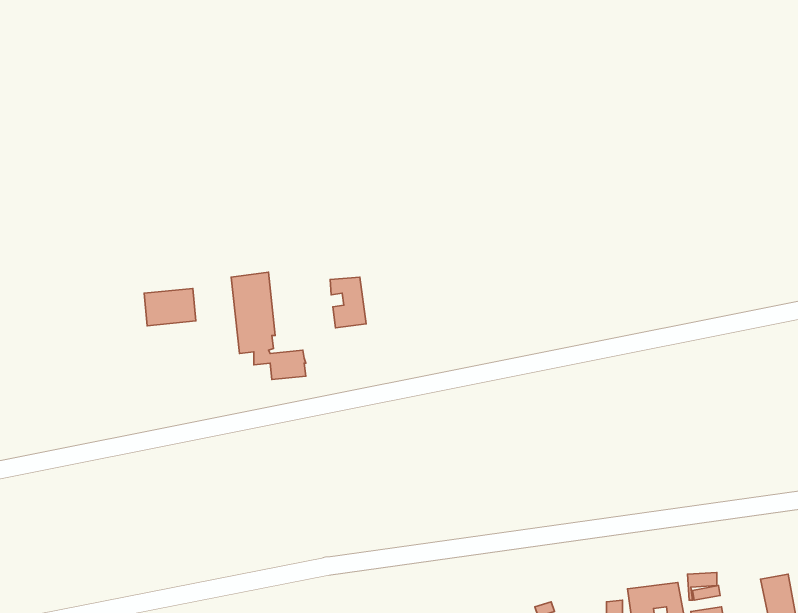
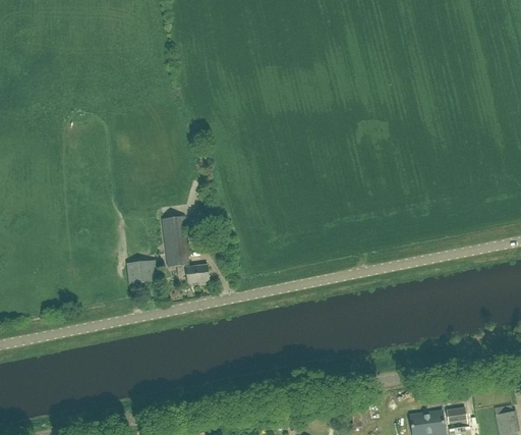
building: [330,277,366,328] -> none
building: [144,288,196,326] -> [127,260,160,283]

